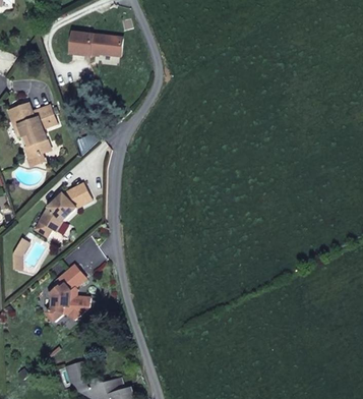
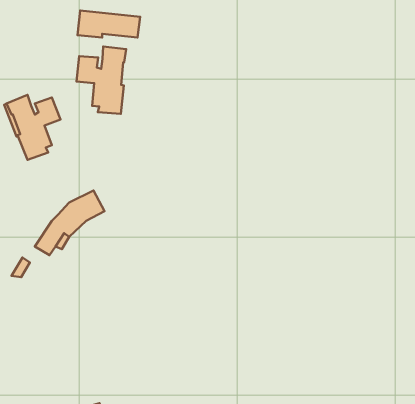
building: none -> [77,46,126,114]
building: [47,264,90,322] -> none

